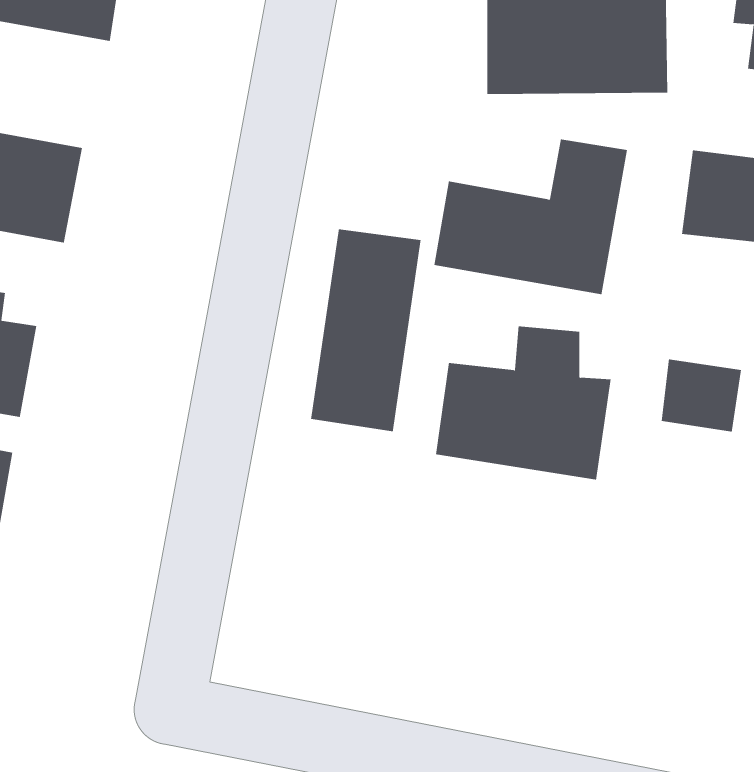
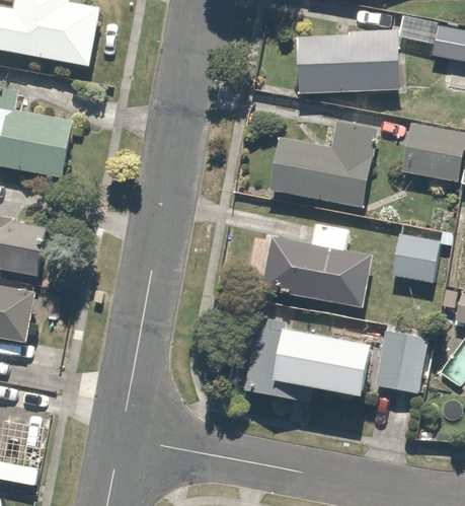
building: [311,229,421,432] -> none
building: none -> [242,322,372,404]
building: none -> [374,331,425,391]

